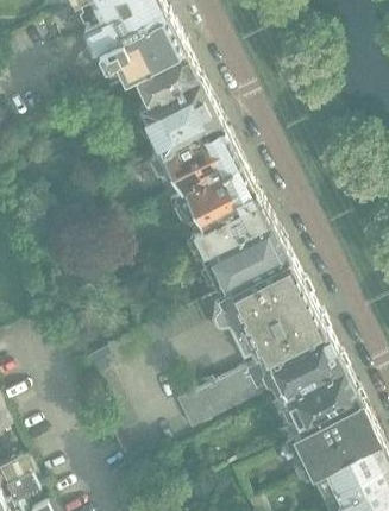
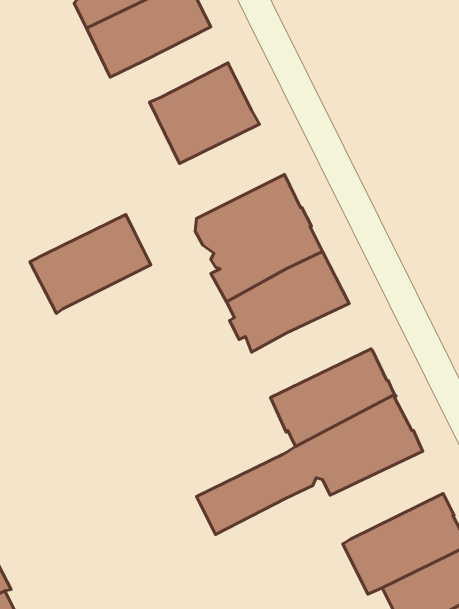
building: [131,45,195,99] -> none
building: [146,119,238,194] -> [30,215,151,314]
building: [207,254,303,326] -> none
building: [272,366,358,433] -> none

